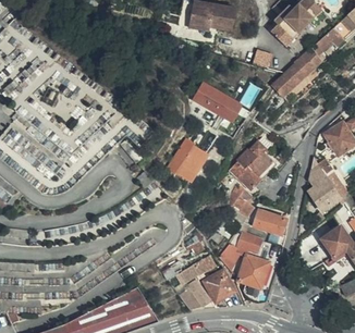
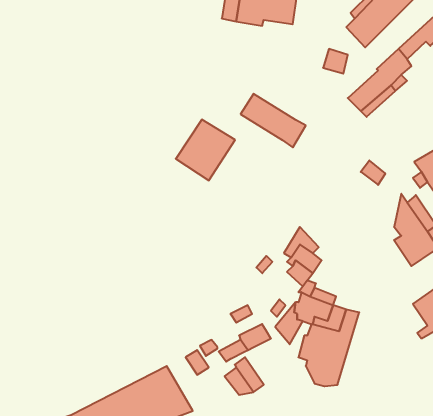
building: [167,137,211,183] -> [176,120,235,180]
building: [230,141,277,190] -> none
building: [254,211,286,235] -> none
building: [204,271,235,303] -> none

